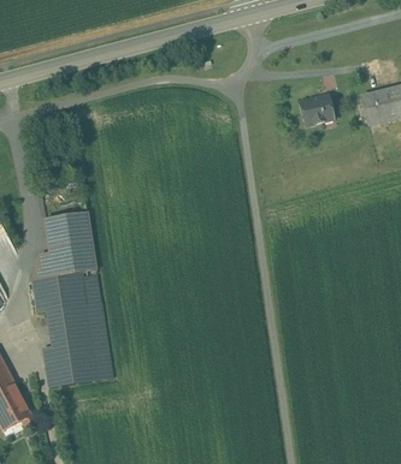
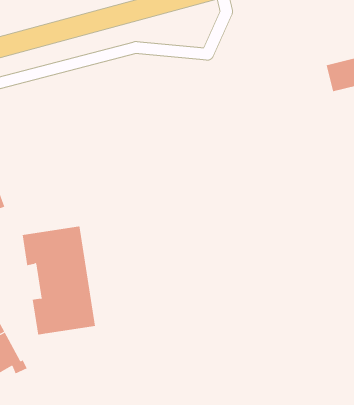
building: [300,94,334,124] -> none
building: [33,212,95,278] -> none

